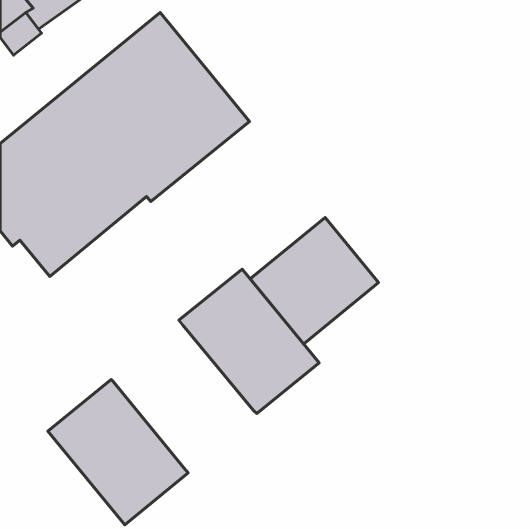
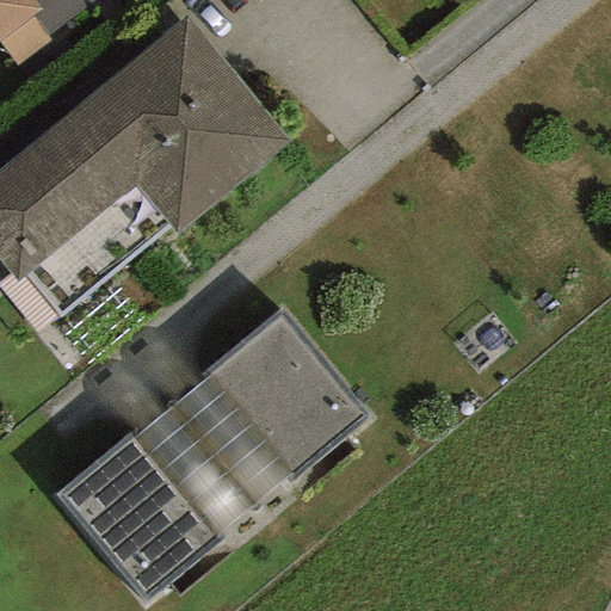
building: [250,217,378,344] -> none
building: none -> [131,374,292,537]

